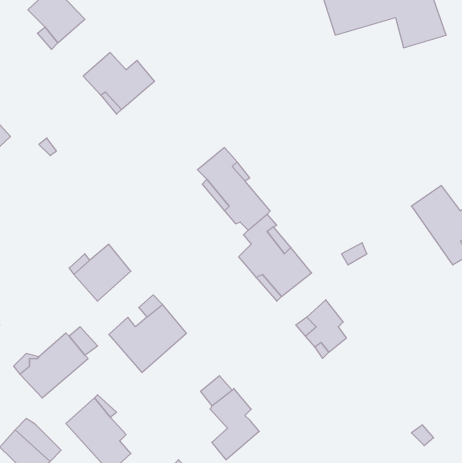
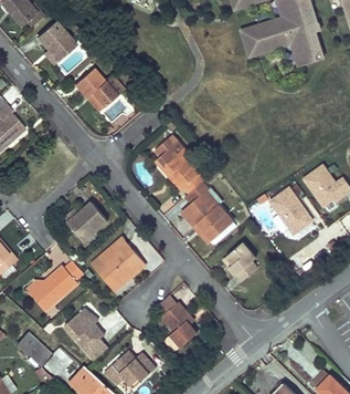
building: none -> [268,184,316,236]

